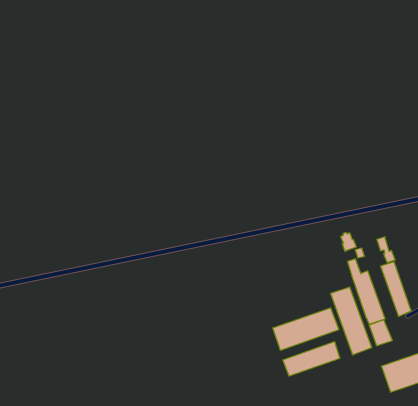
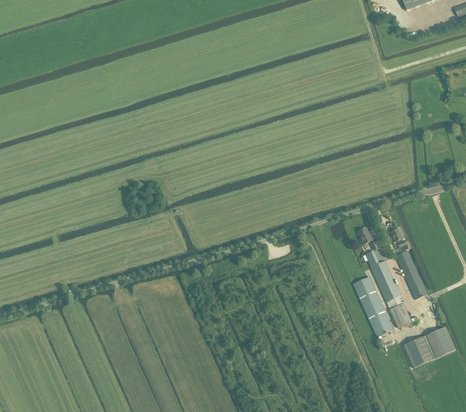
building: [273,308,339,350] -> none
building: [283,342,340,376] -> none

